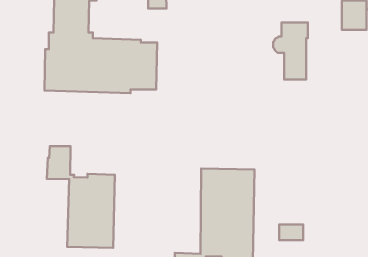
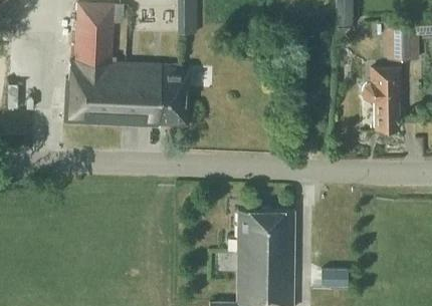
building: [273,23,308,80] -> [362,65,400,127]
building: [47,146,115,248] -> none

